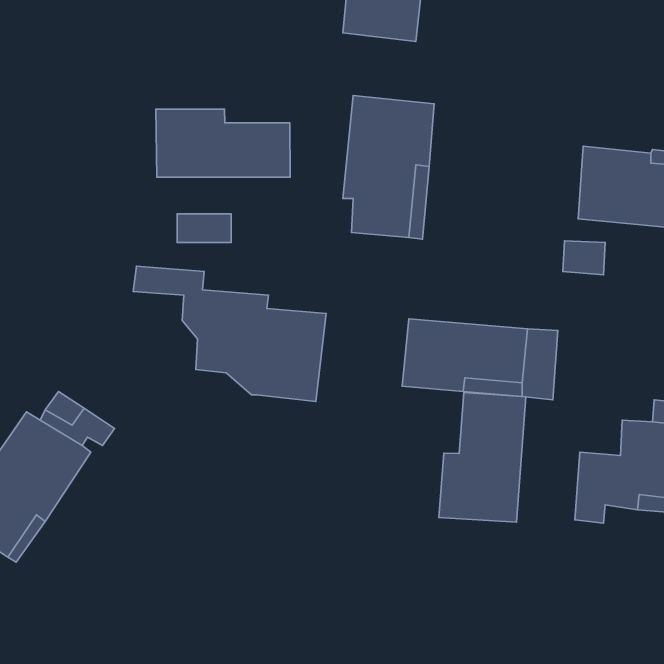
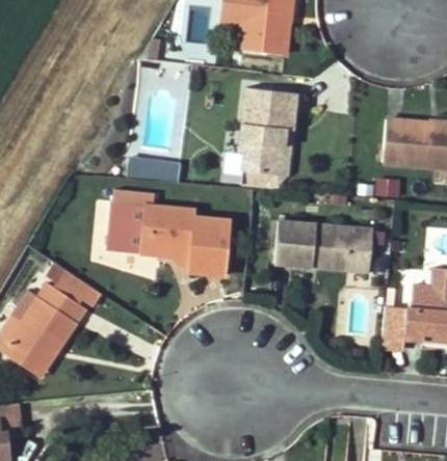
building: [156,109,290,177] -> none
building: none -> [108,208,152,255]
building: [439,393,526,522] -> none

